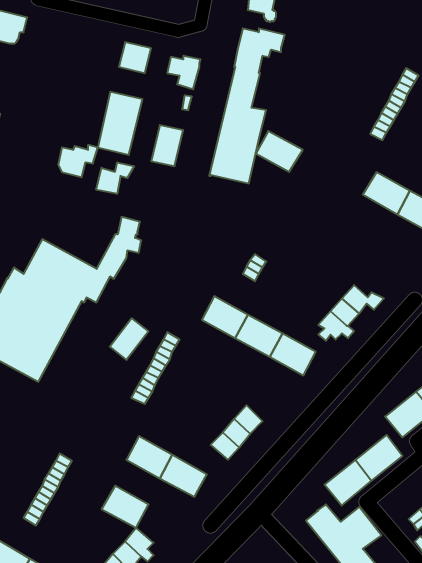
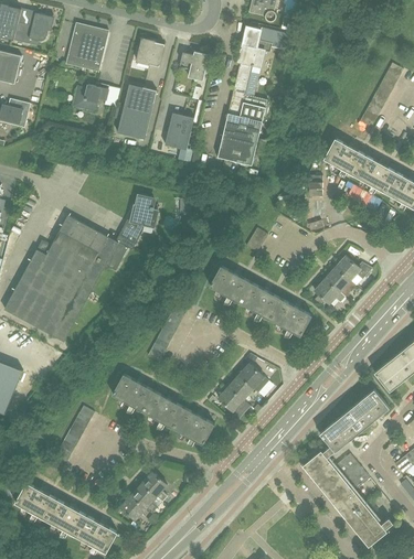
building: none -> [65,25,108,73]
building: [256,131,303,172] -> [323,139,365,175]
building: [58,145,98,177] -> [74,84,109,112]
building: [96,162,134,194] -> none
building: [110,318,148,360] -> none
building: [102,486,149,528] -> [112,374,153,411]

